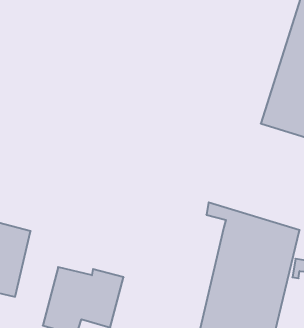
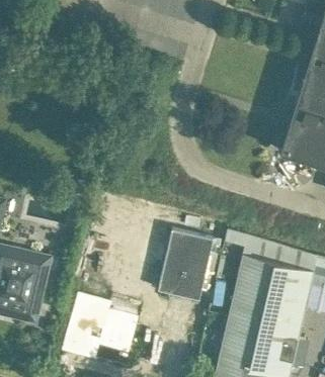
building: none -> [158,234,215,306]

